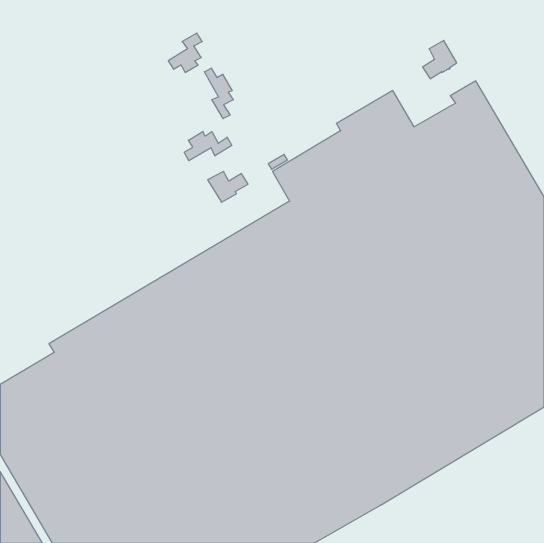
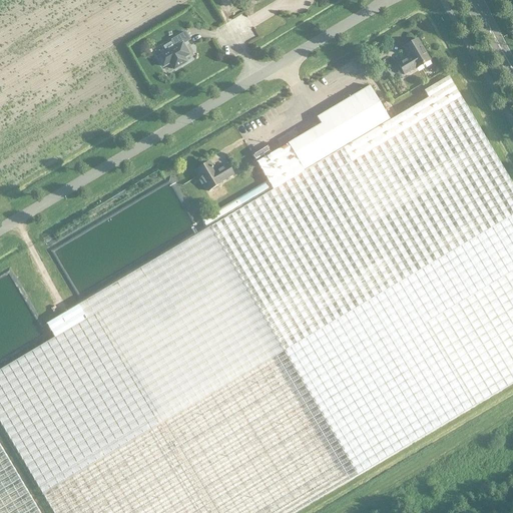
building: [204,68,233,119] -> none
building: [184,131,232,161] -> none

